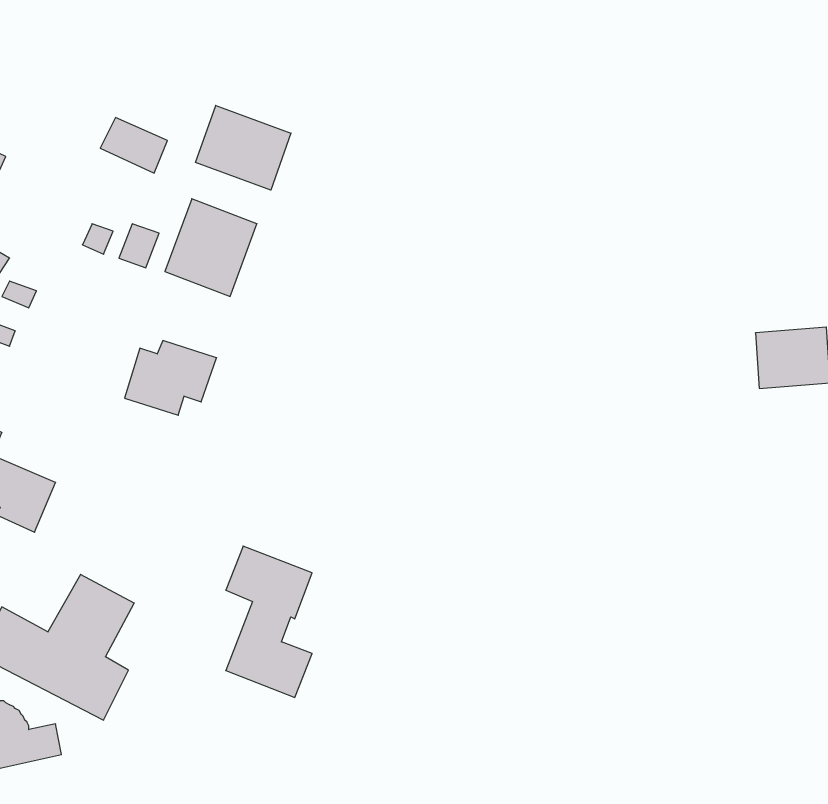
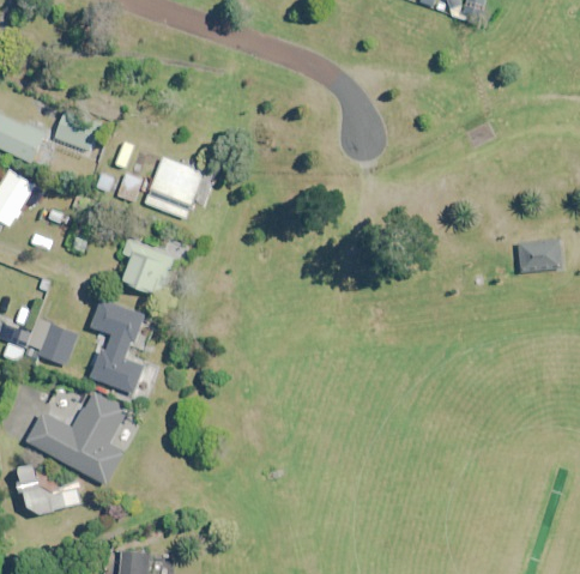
building: [196,105,291,190] -> none
building: [100,118,167,173] -> [55,116,97,151]
building: [226,546,312,697] -> [90,298,144,393]

